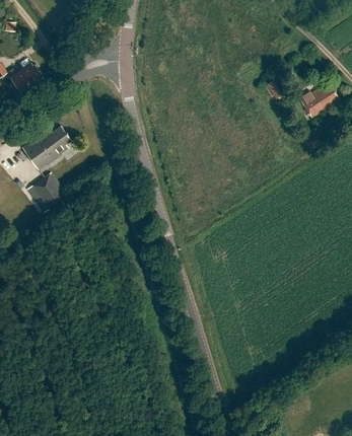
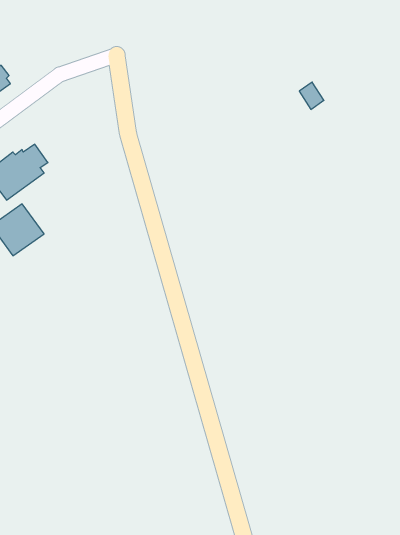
building: [300,84,339,118] -> none

